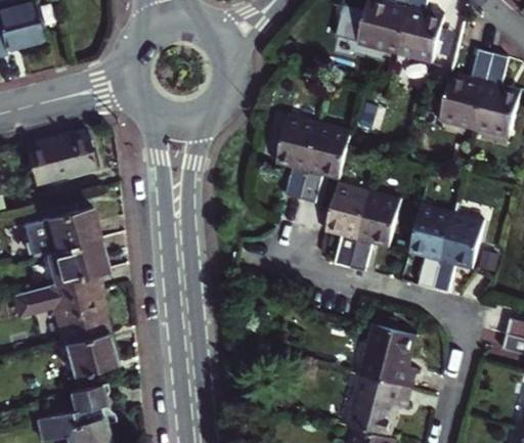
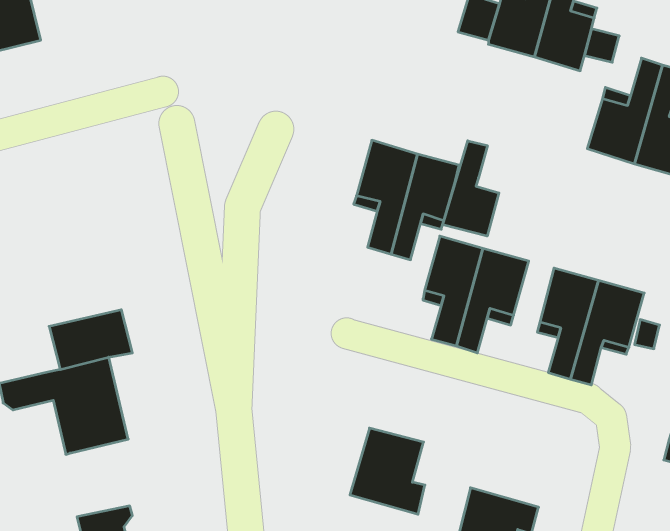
building: none -> [443,141,499,236]
building: [27,131,98,184] -> none
building: [27,208,102,256] -> none
building: [359,321,414,385] -> [350,428,425,514]
building: [64,335,115,375] -> none

